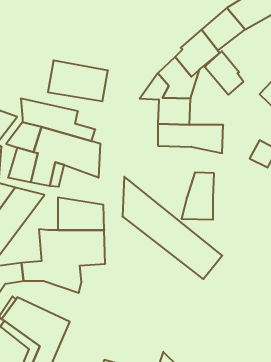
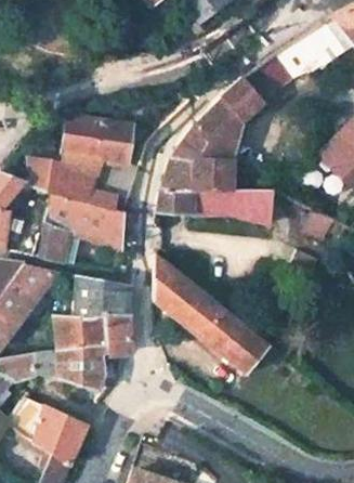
building: [205,51,243,95] -> none
building: [181,172,214,220] -> [155,158,194,214]

